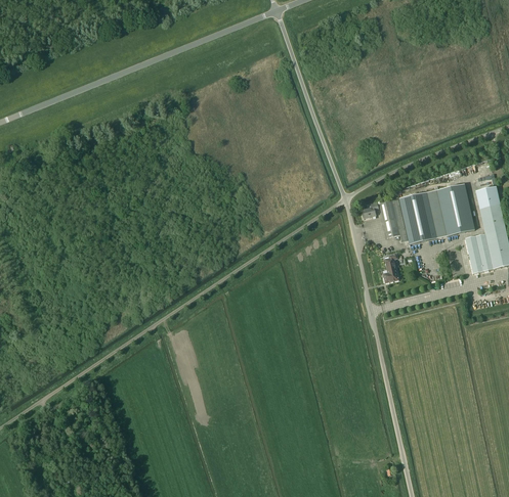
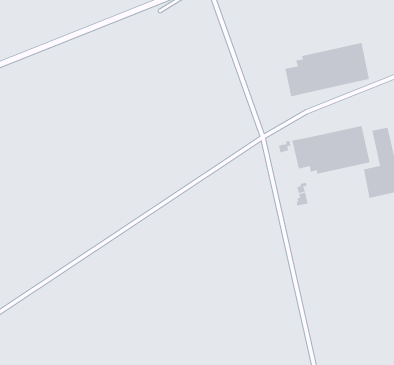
building: none -> [285,42,370,97]

